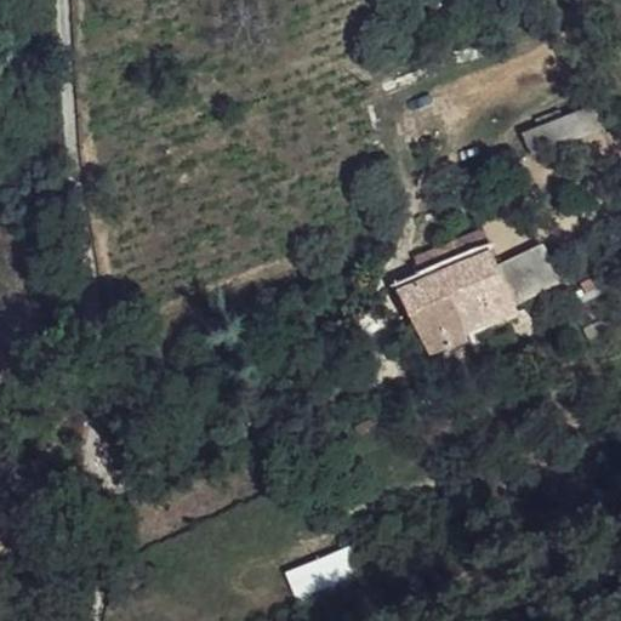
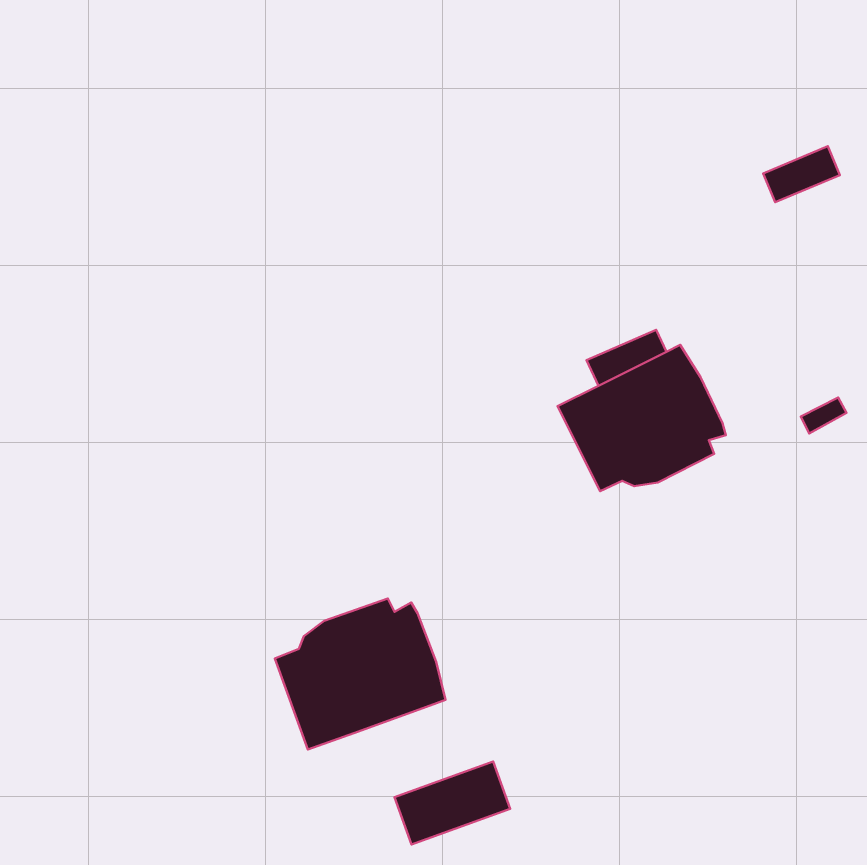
building: [500,249,557,302] -> none
building: none -> [275,598,445,750]

